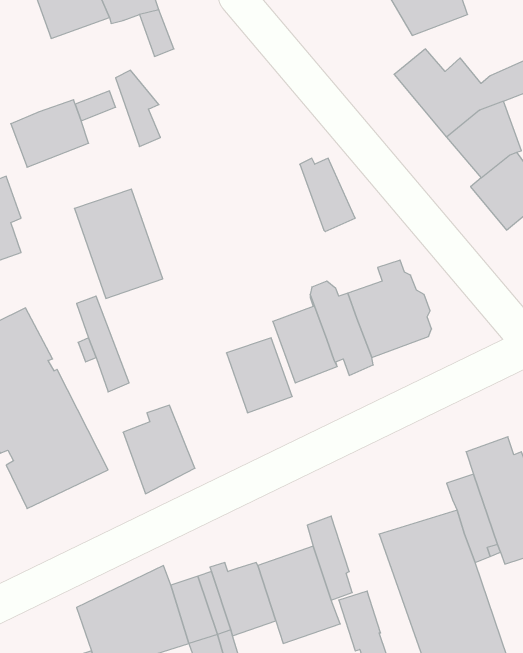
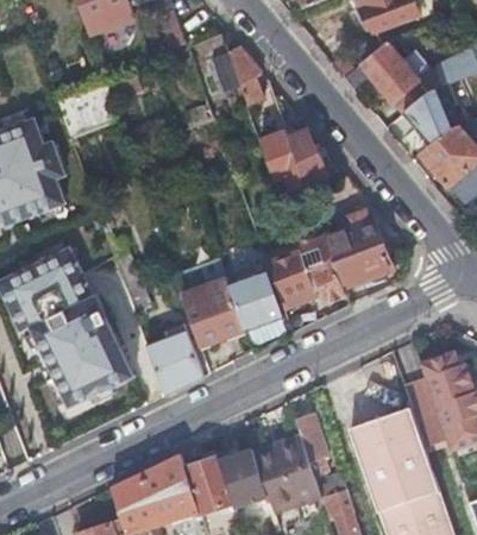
building: [116,70,160,147] -> [228,45,264,106]
building: none -> [261,130,306,190]
building: [74,189,163,298] -> [175,259,245,346]

